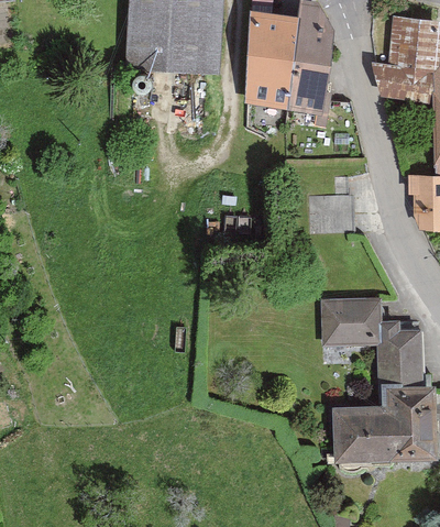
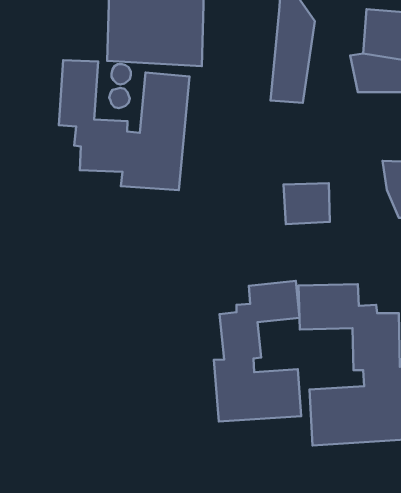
building: [241,12,300,110] -> none
building: none -> [59,60,190,190]
building: none -> [214,281,301,421]

